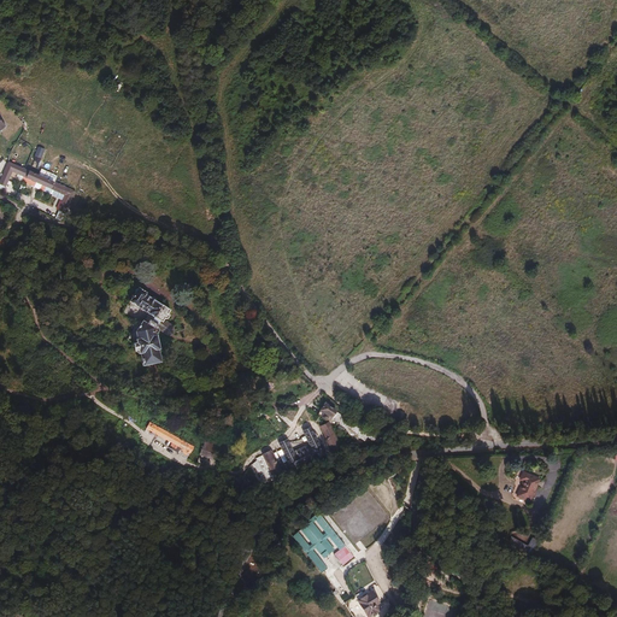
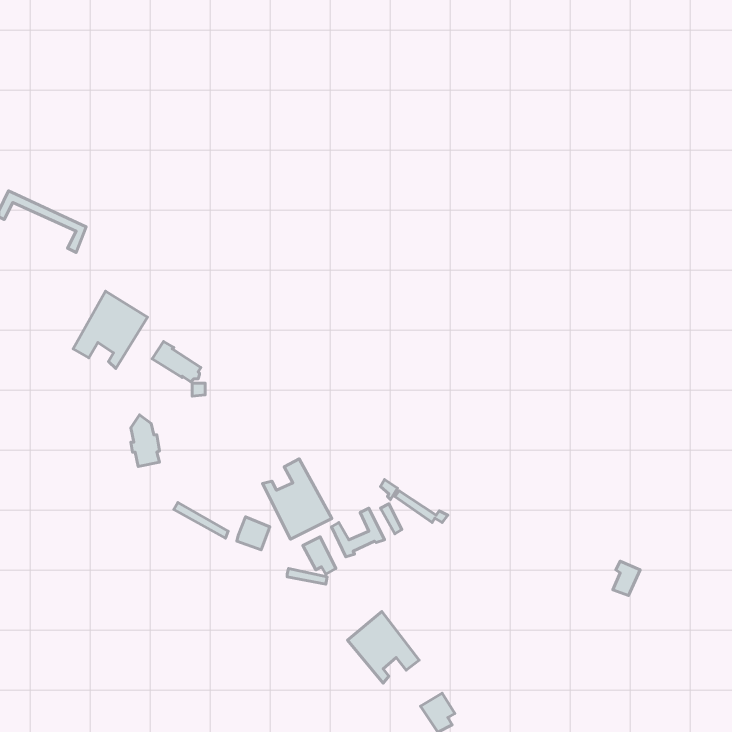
building: none -> [73,291,148,368]
building: [136,319,160,363] -> [131,415,160,467]
building: none -> [263,459,332,539]

